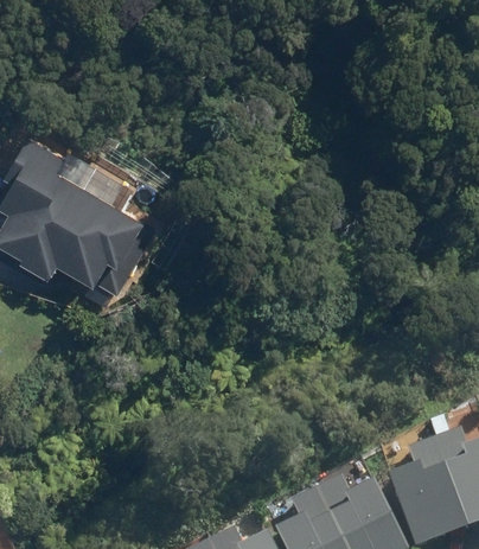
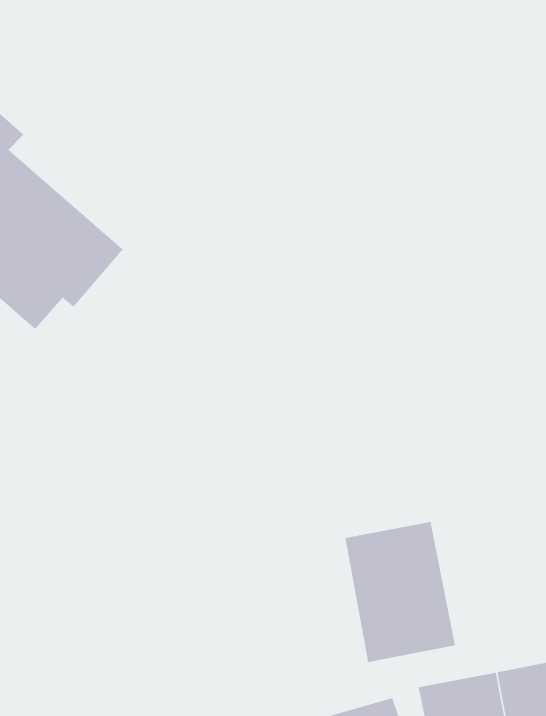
building: none -> [345,521,456,663]

